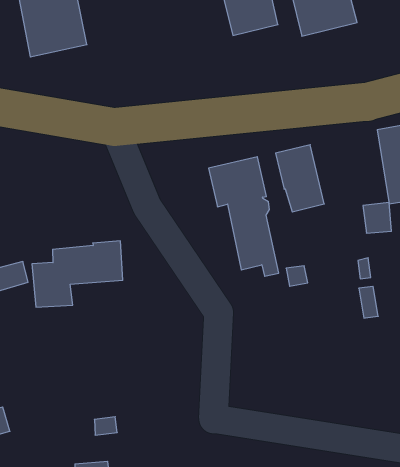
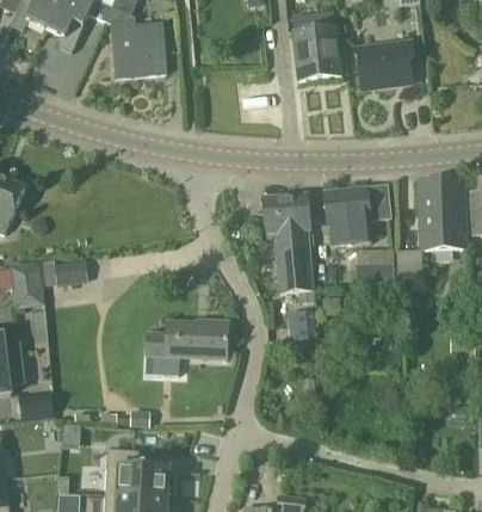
building: none -> [357,184,391,242]
building: none -> [356,263,394,282]
building: [32,241,123,307] -> [146,321,229,375]
building: none -> [289,308,317,339]

